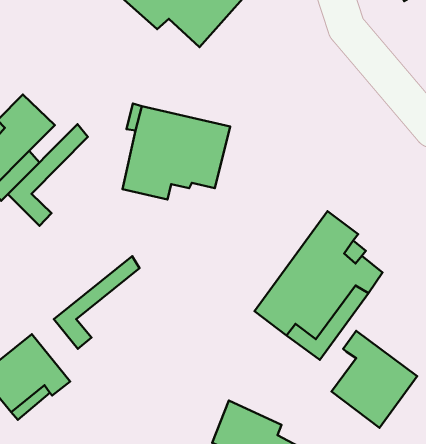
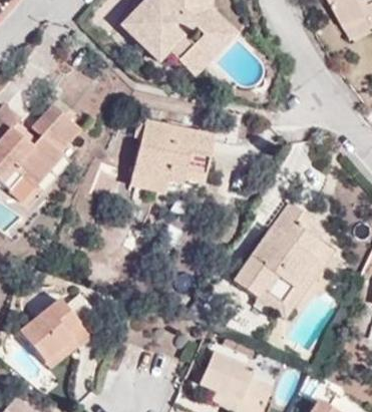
building: [8,124,88,226] -> none
building: [54,256,140,349] -> none
building: [331,331,417,428] -> none

